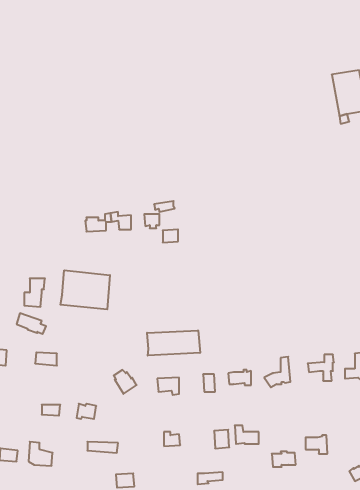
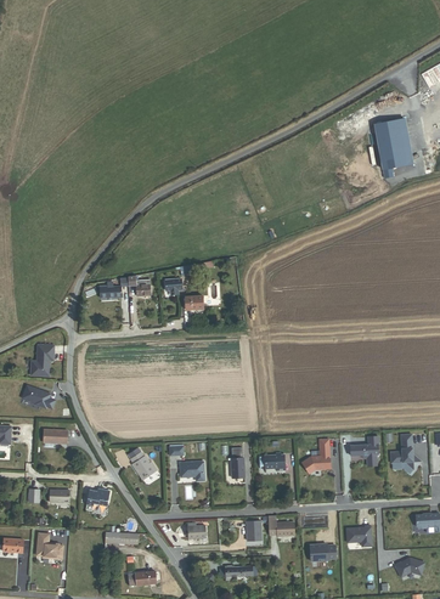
building: [60,270,110,309] -> none
building: [147,330,200,356] -> none

